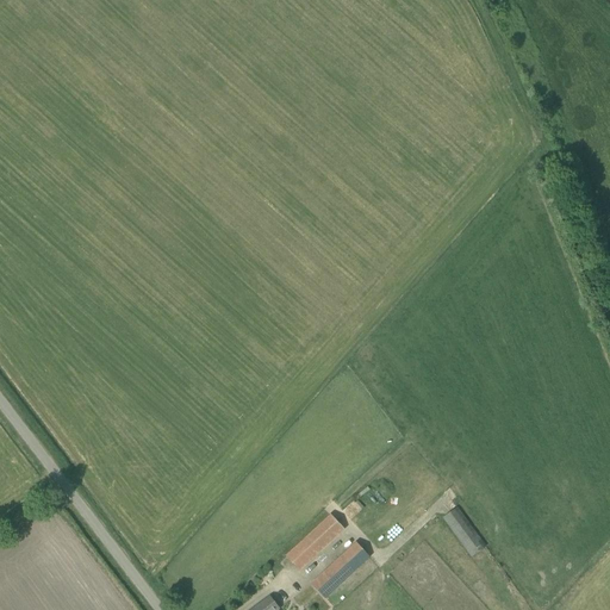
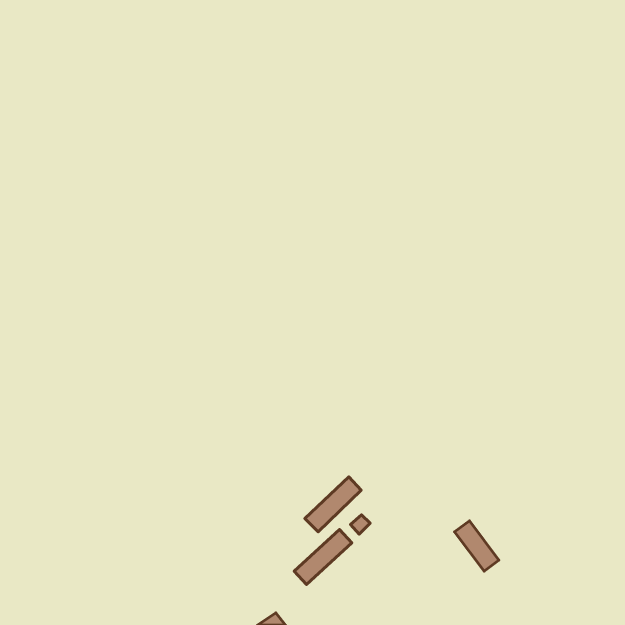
building: [312,542,367,596] -> [305,477,361,532]

